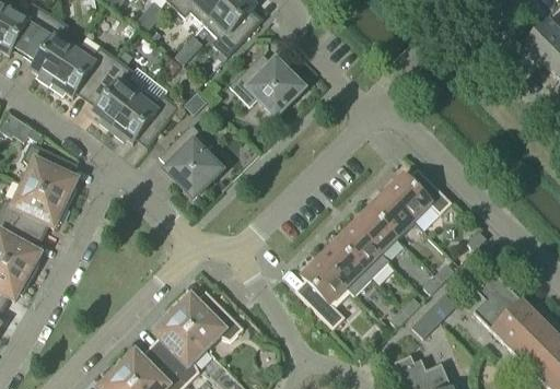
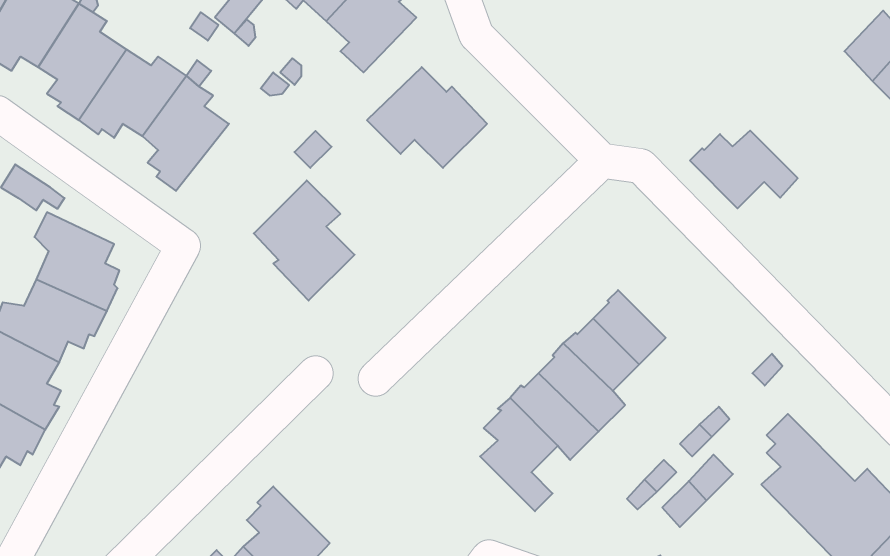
building: [110,89,178,144] -> none
building: [384,173,451,221] -> [690,131,798,208]
building: [171,294,243,347] -> none

